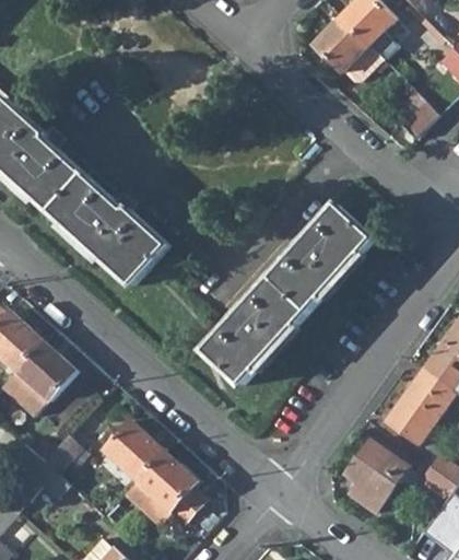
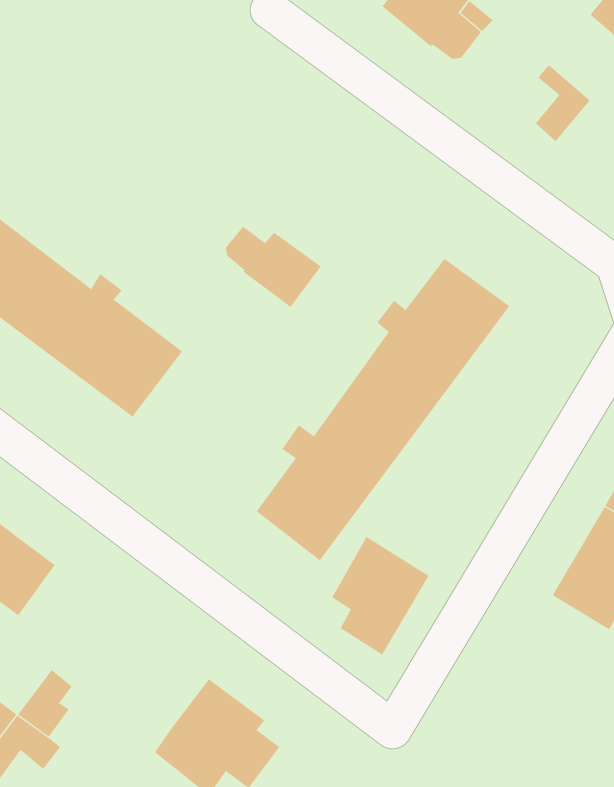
building: none -> [225,226,322,308]
building: [103,421,164,482] -> none
building: [344,438,407,513] -> [331,536,429,656]

